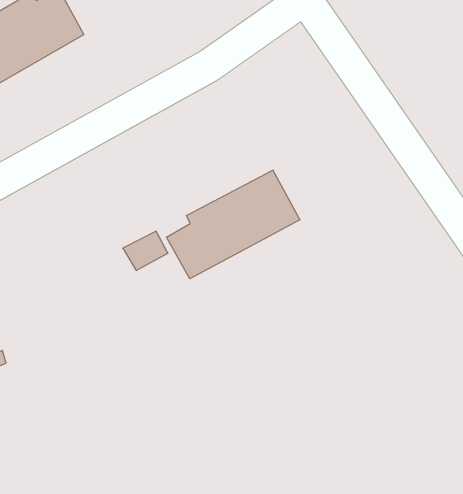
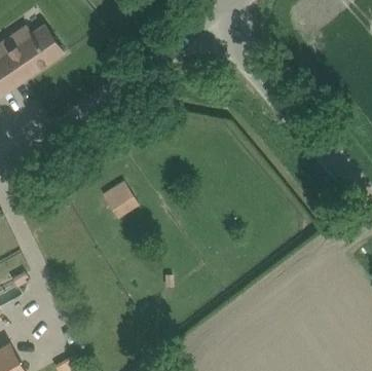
building: [166,170,300,279] -> none

